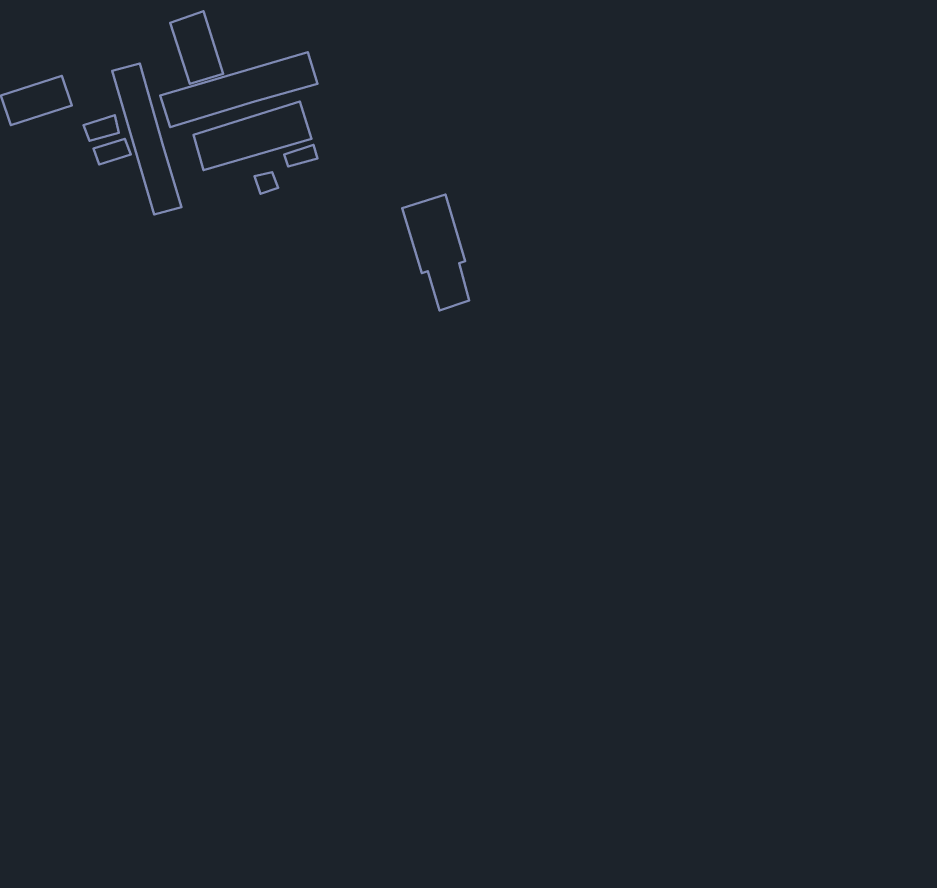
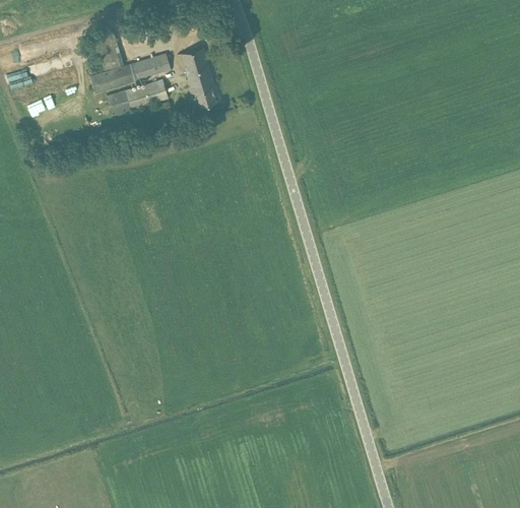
building: [112,63,182,215] -> none
building: [402,194,469,310] -> [180,48,214,108]

